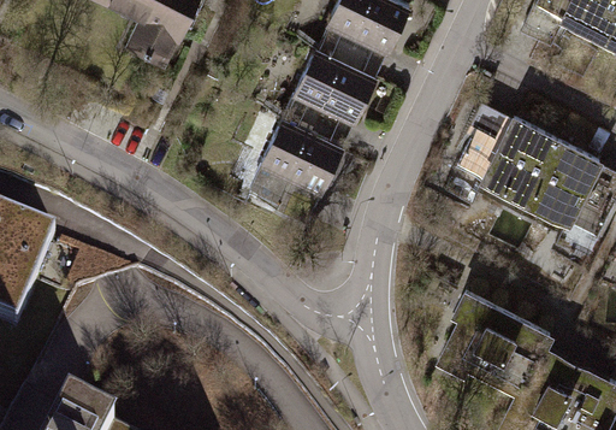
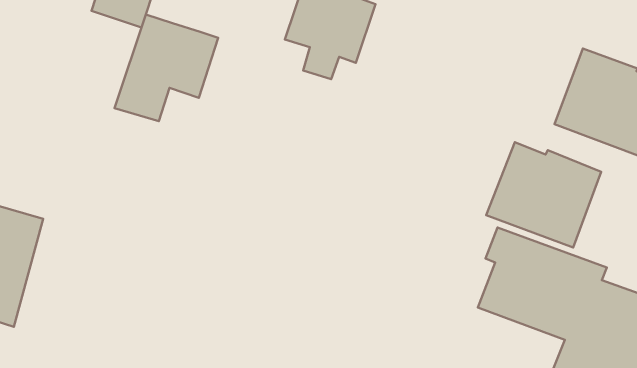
building: [451,99,559,200] -> [486,142,601,247]
building: [244,113,345,211] -> [115,15,218,121]

